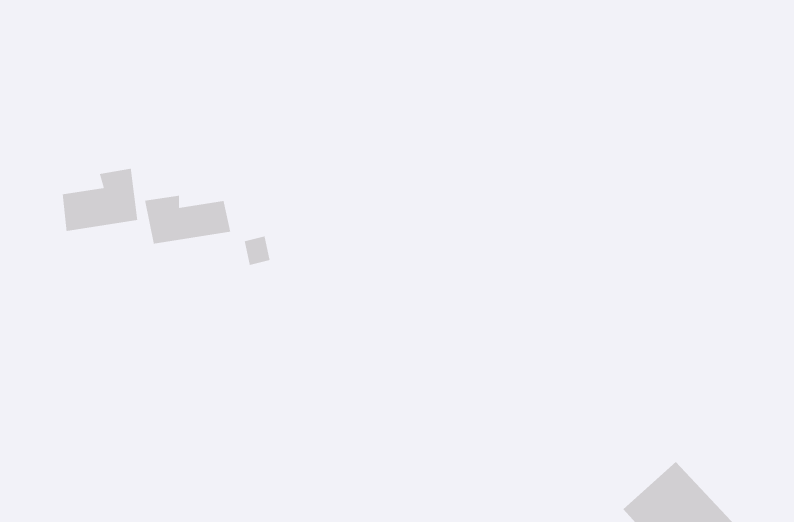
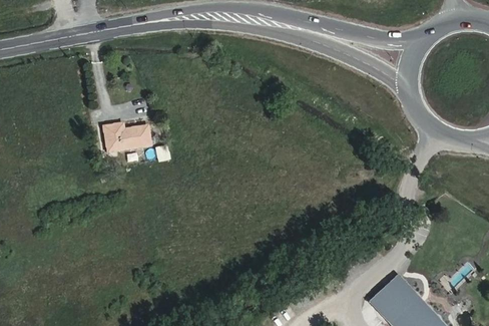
building: [62,168,138,232] -> none

